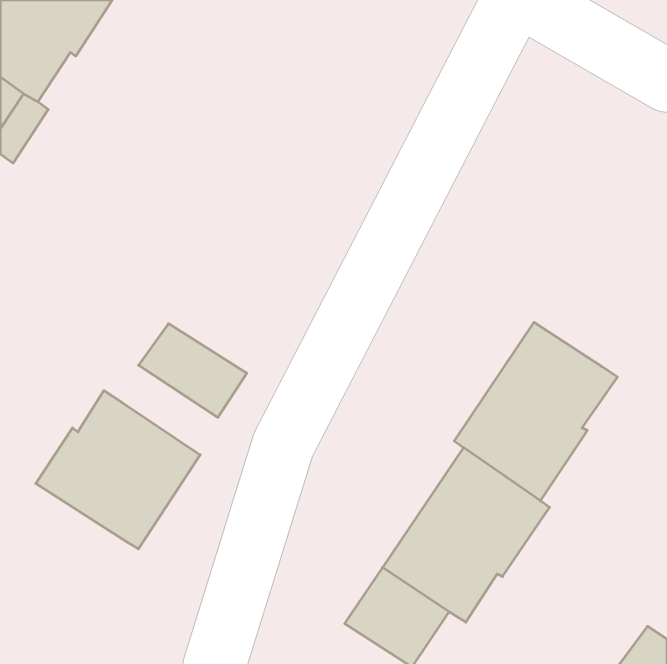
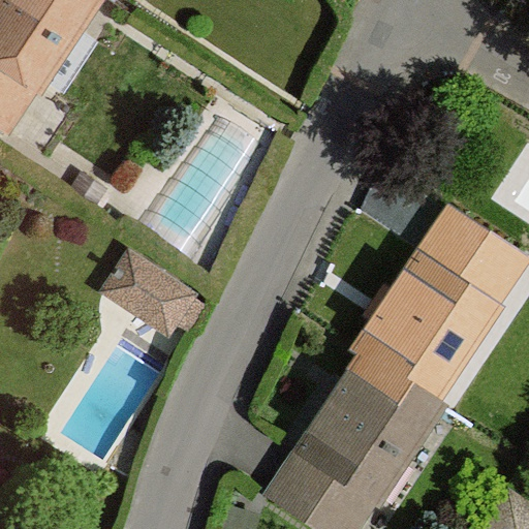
building: none -> [423,212,506,292]
building: [36,391,200,549] -> none

